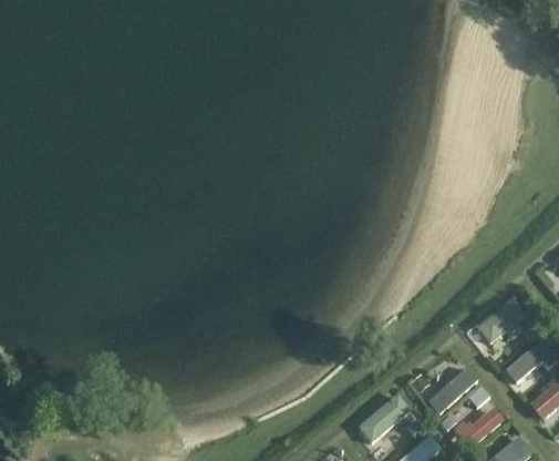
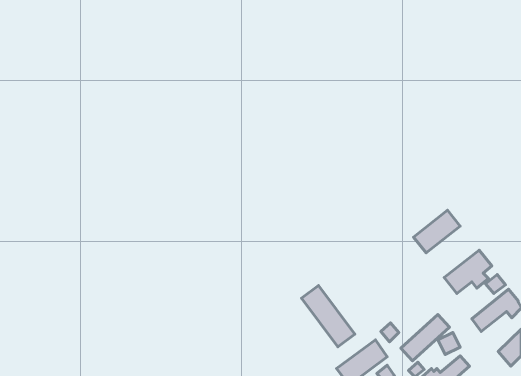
building: none -> [414,210,460,253]
building: none -> [302,286,355,347]

